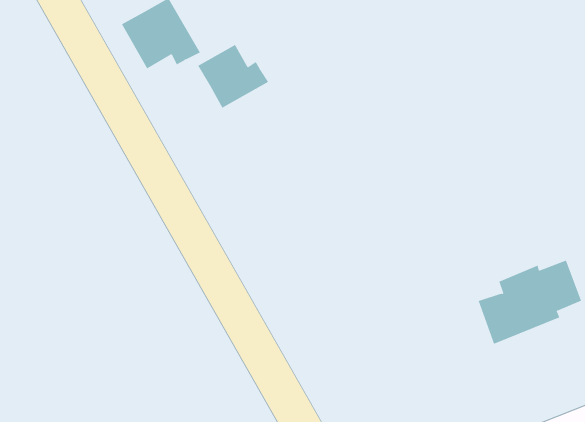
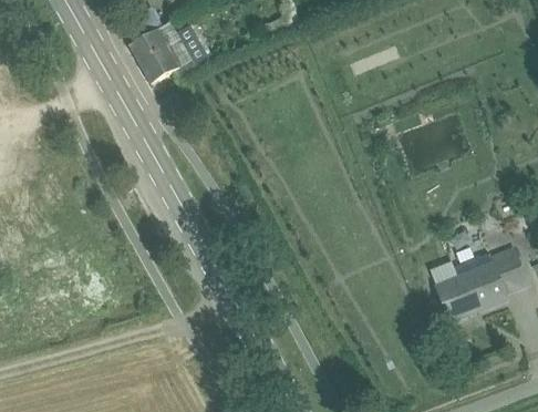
building: [198,44,269,108] -> none

